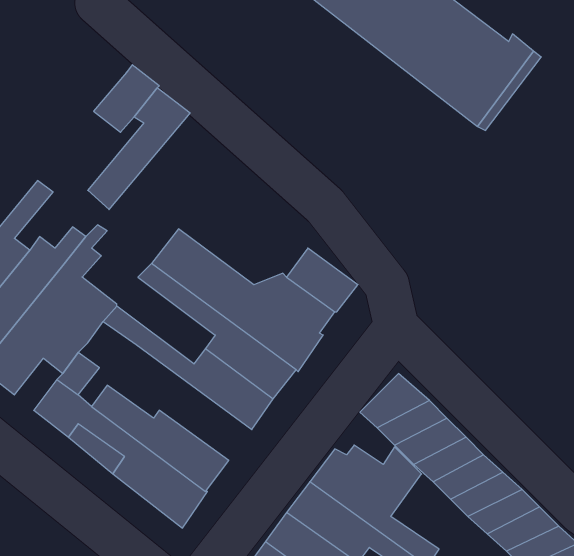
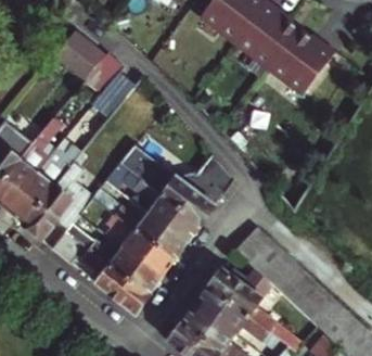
building: none -> [56,33,105,79]
building: none -> [98,211,176,276]

